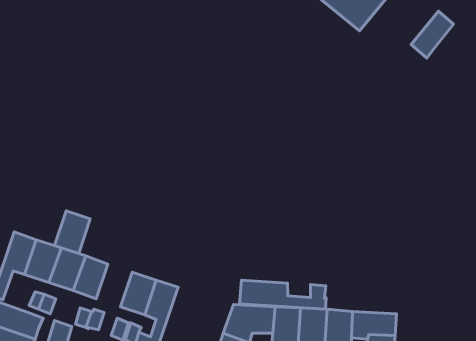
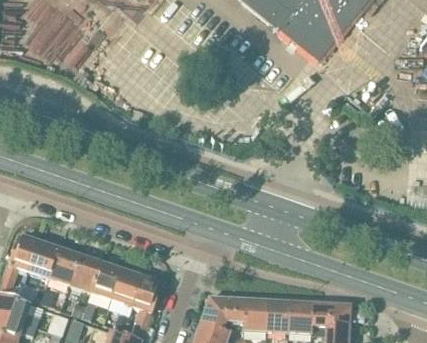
building: [411,11,454,58] -> none
building: [55,211,90,254] -> [90,261,121,298]
building: [240,280,326,309] -> none

